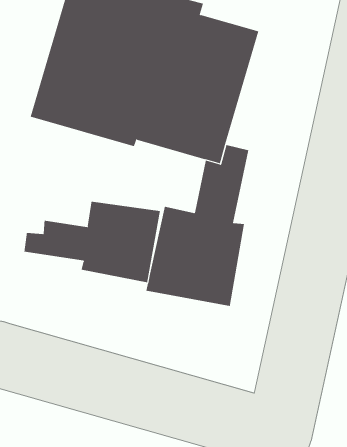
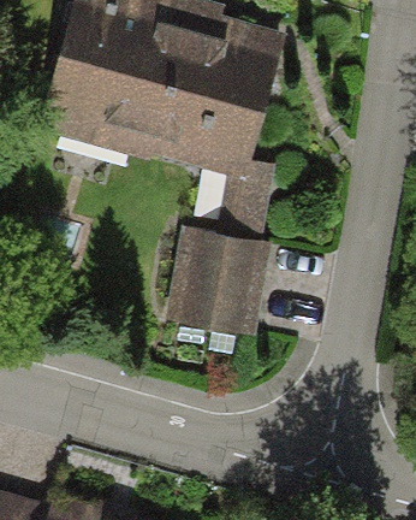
building: [24,201,161,283] -> none

